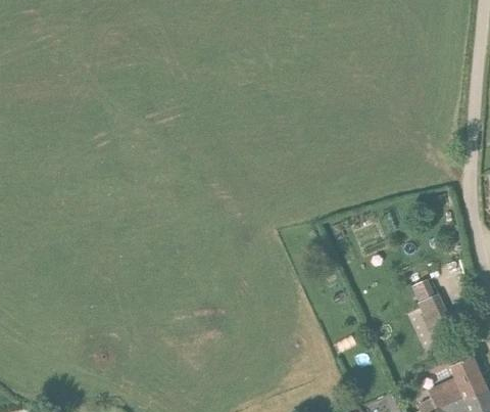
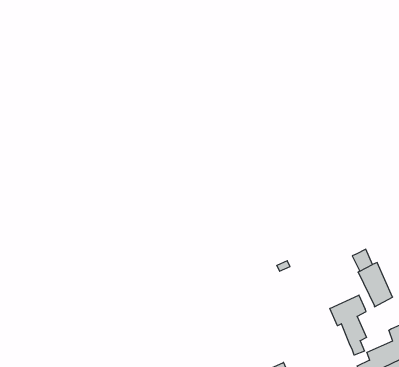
building: none -> [330,295,366,355]

